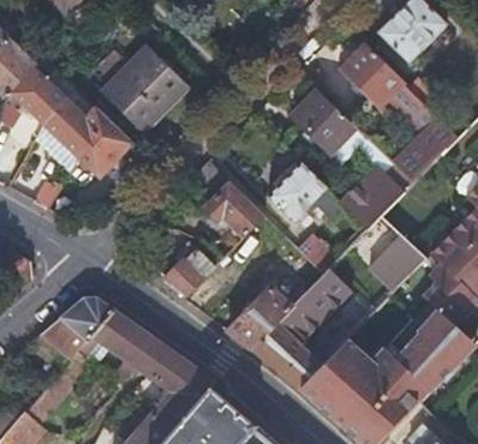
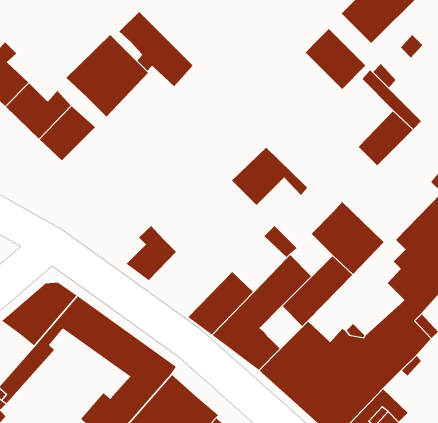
building: [293,89,354,150] -> none
building: [189,160,263,235] -> [118,11,193,87]
building: [342,164,405,227] -> none

